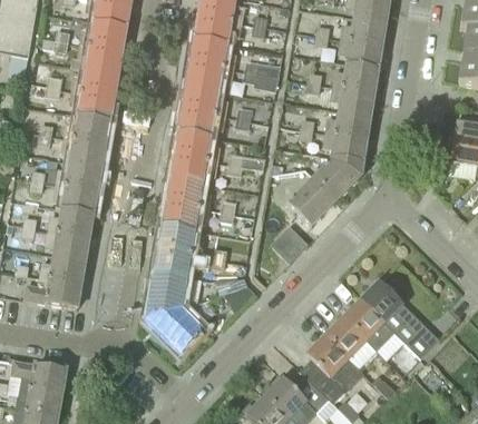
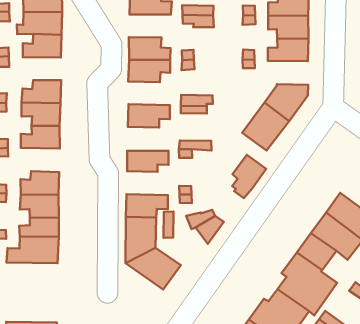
building: [186,62,233,91] -> none
building: [69,89,113,119] -> none
building: [175,131,220,162] -> none
building: [323,132,367,164] -> none
building: [166,178,212,209] -> none
building: [55,183,97,214] -> none
building: [158,224,203,255] -> none

